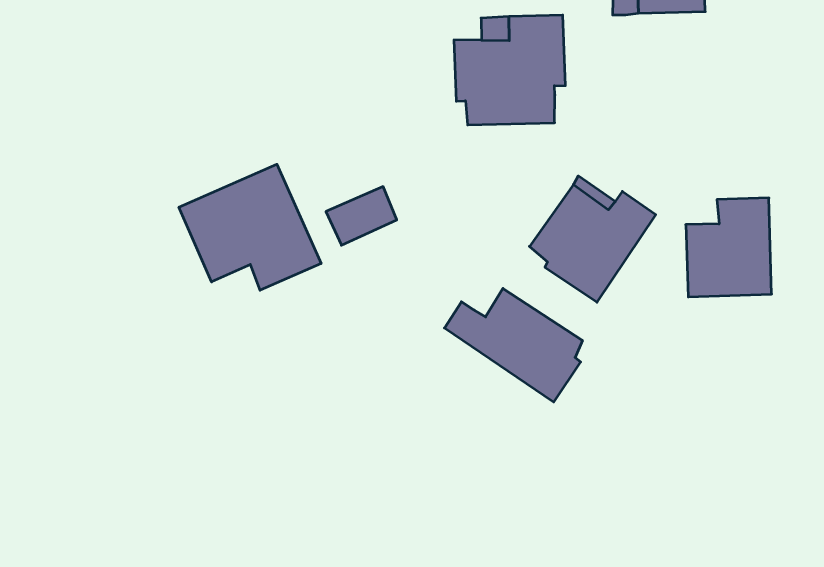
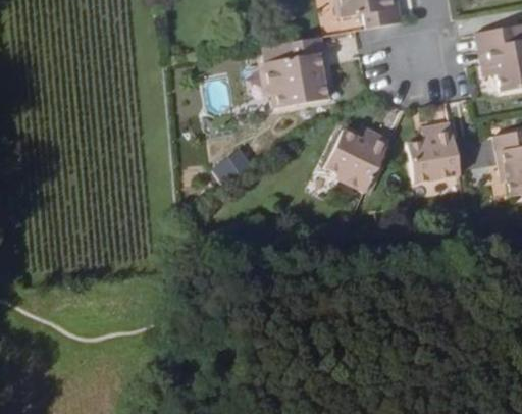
building: [179,164,321,290] -> none
building: [444,288,582,402] -> none

